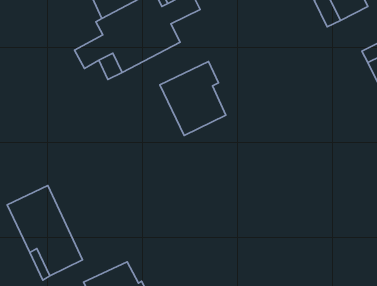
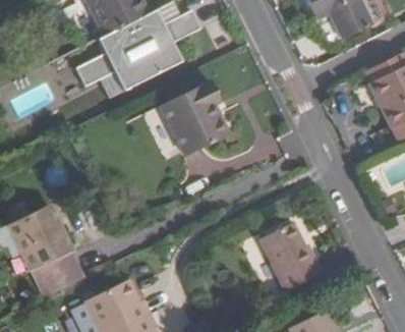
building: none -> [259,221,323,290]

